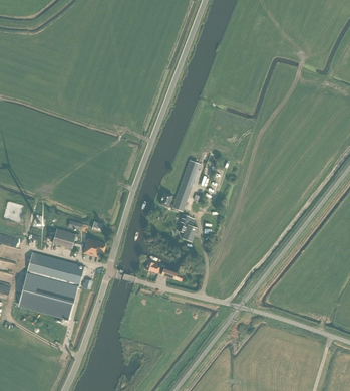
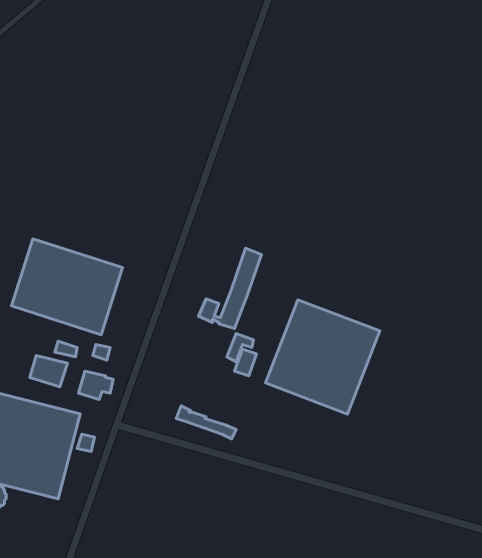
building: none -> [12,239,122,335]
building: none -> [265,300,380,414]

